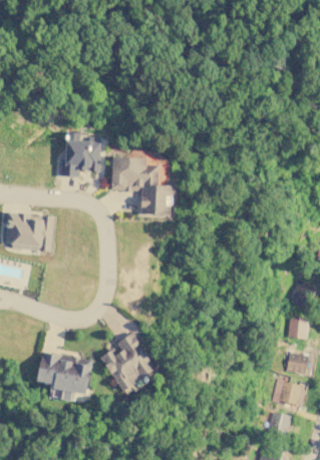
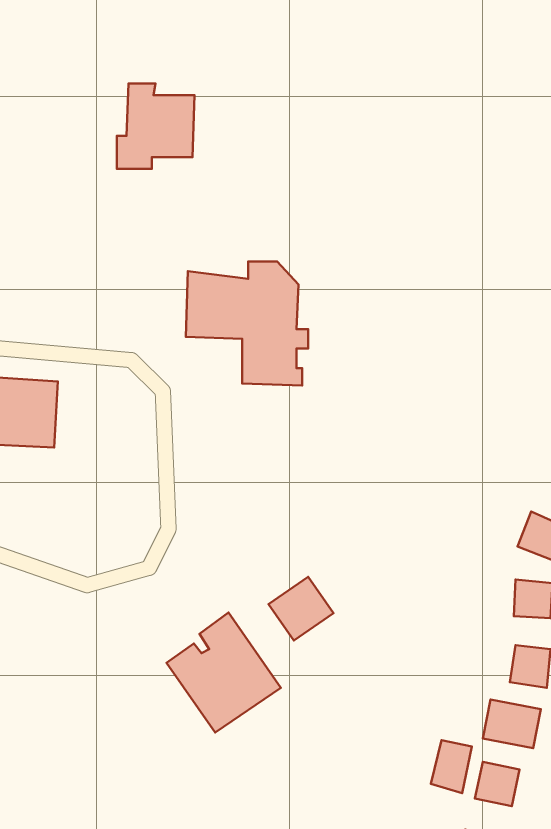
building: [59,132,99,176] -> [117,83,194,169]
building: none -> [268,577,334,641]
building: [40,351,100,405] -> none
building: none -> [431,740,472,793]

